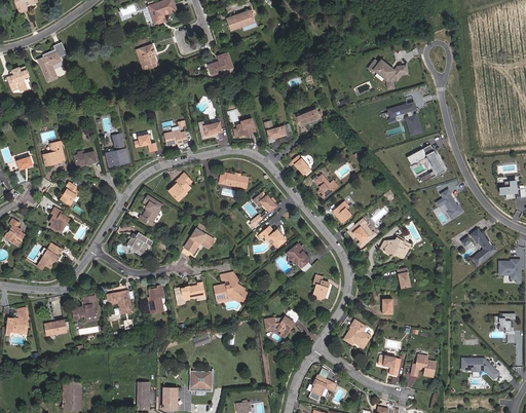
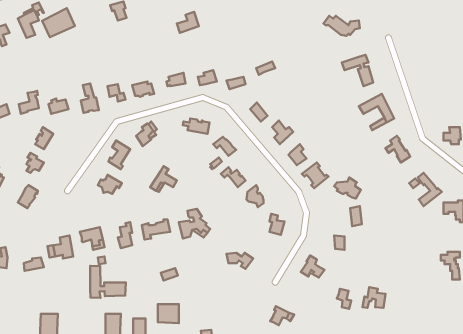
building: none -> [42,8,75,37]
building: none -> [90,266,126,298]
building: [462,359,499,379] -> none

